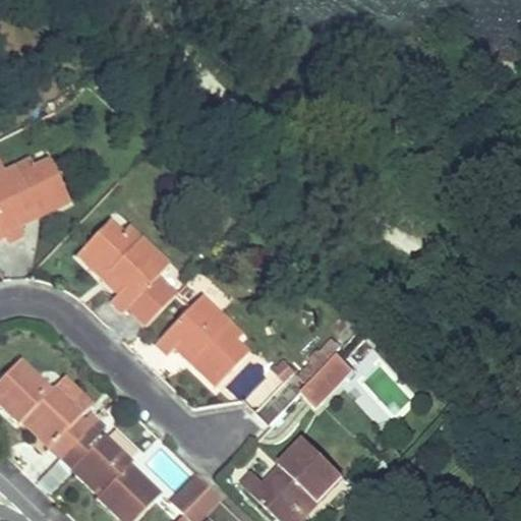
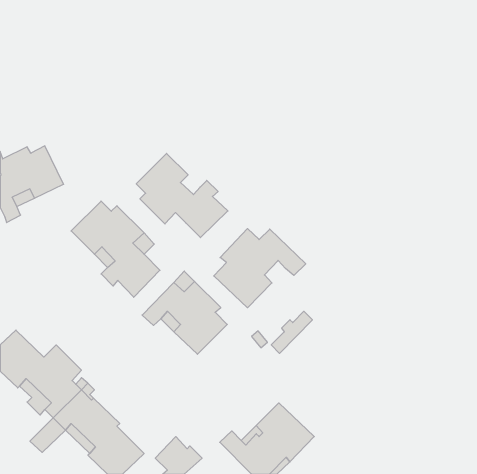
building: none -> [136,153,228,238]
building: none -> [214,229,306,308]
building: [301,355,355,409] -> none

